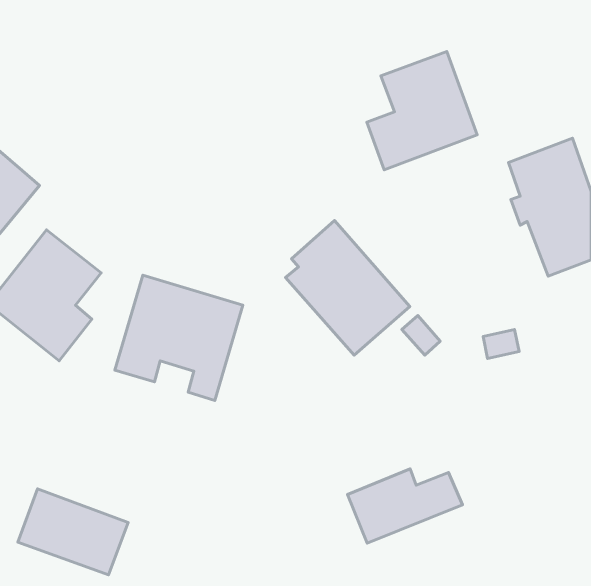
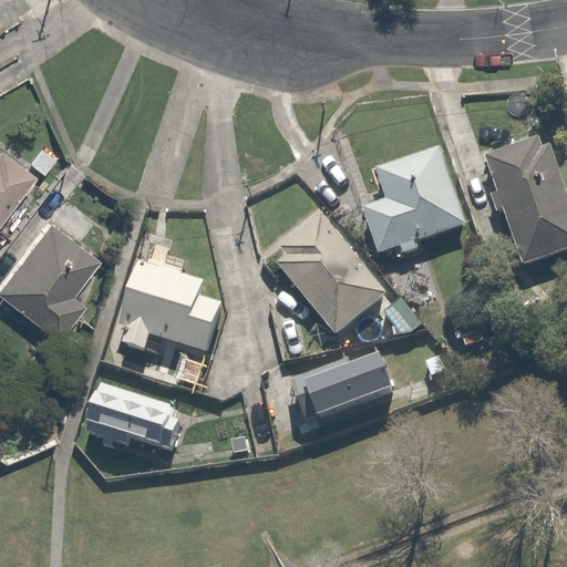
building: [367,51,477,170] -> [361,145,466,258]
building: [348,469,462,543] -> [286,357,395,427]
building: [18,489,128,575] -> [79,377,184,458]

